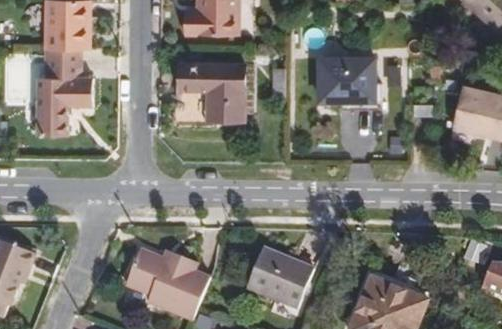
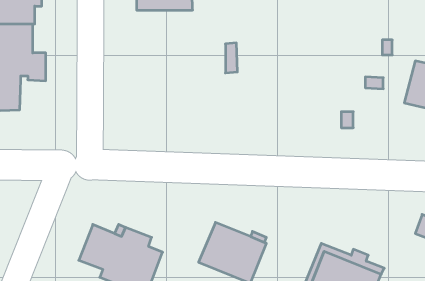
building: [318,56,382,108] -> none
building: [179,63,244,119] -> none

